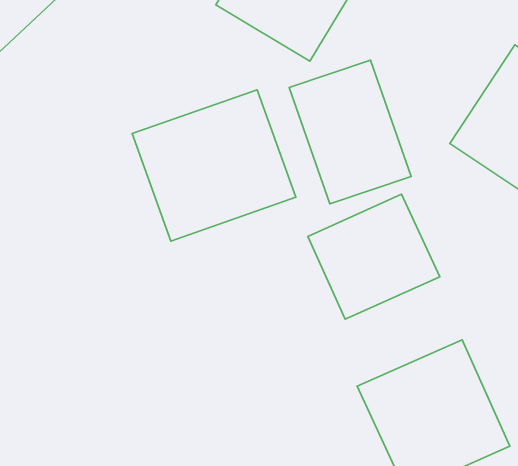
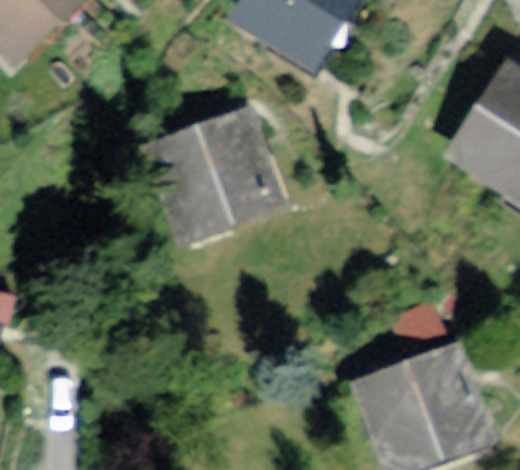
building: [289,60,411,204] -> none
building: [308,194,440,319] -> none

